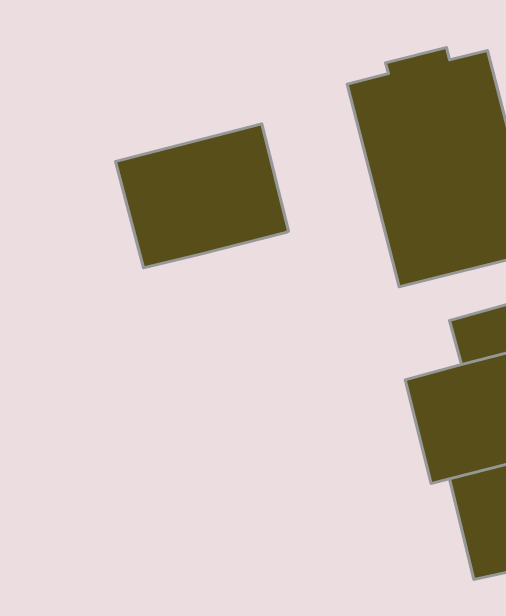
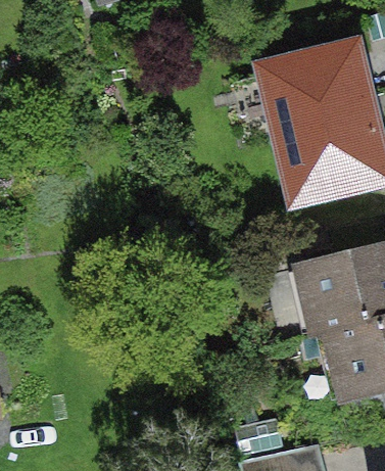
building: [116,124,288,268] -> none

